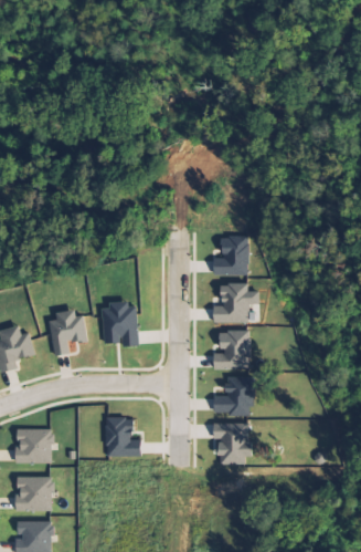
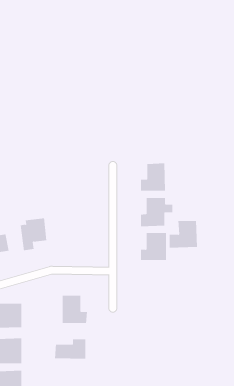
building: [100,304,136,345] -> none
building: [212,377,252,415] -> [169,221,198,248]
building: [213,423,252,464] -> none
building: none -> [54,339,86,360]

